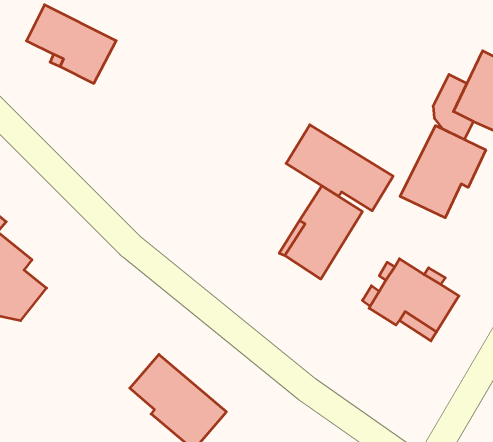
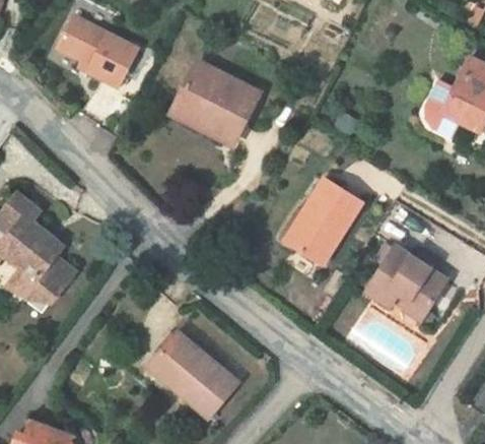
building: none -> [174,62,259,142]
building: [286,125,393,211] -> none
building: [400,126,486,218] -> none

